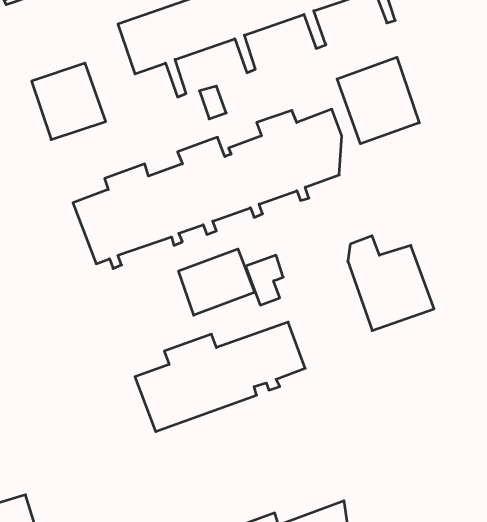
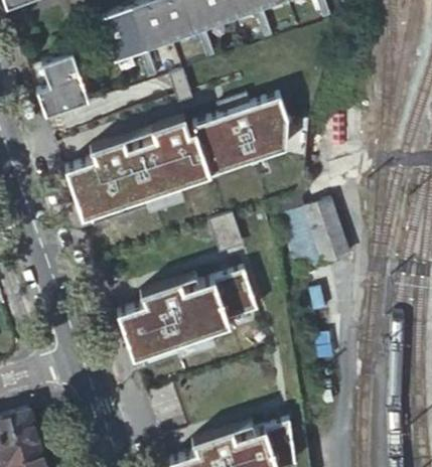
building: [337,57,419,144] -> none
building: [179,249,254,315] -> none

